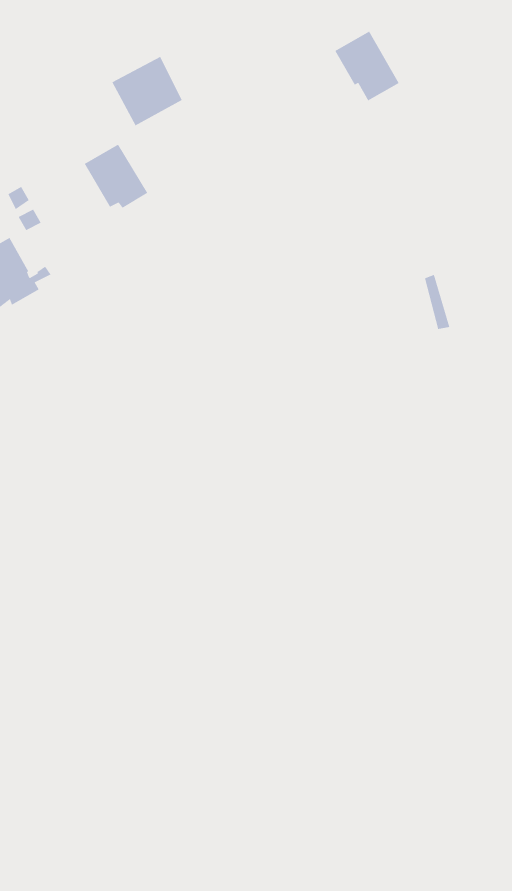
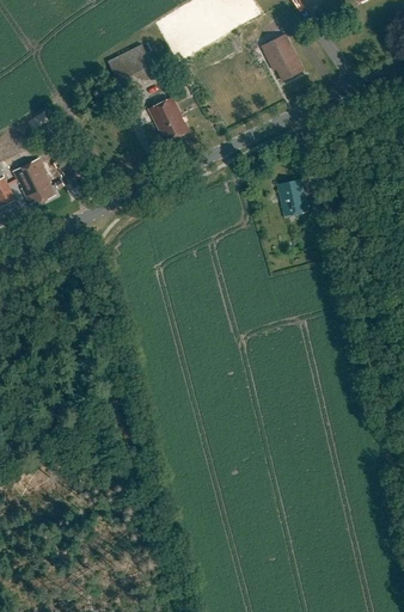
building: [84,144,148,208] -> [147,97,189,140]
building: none -> [276,177,307,216]

